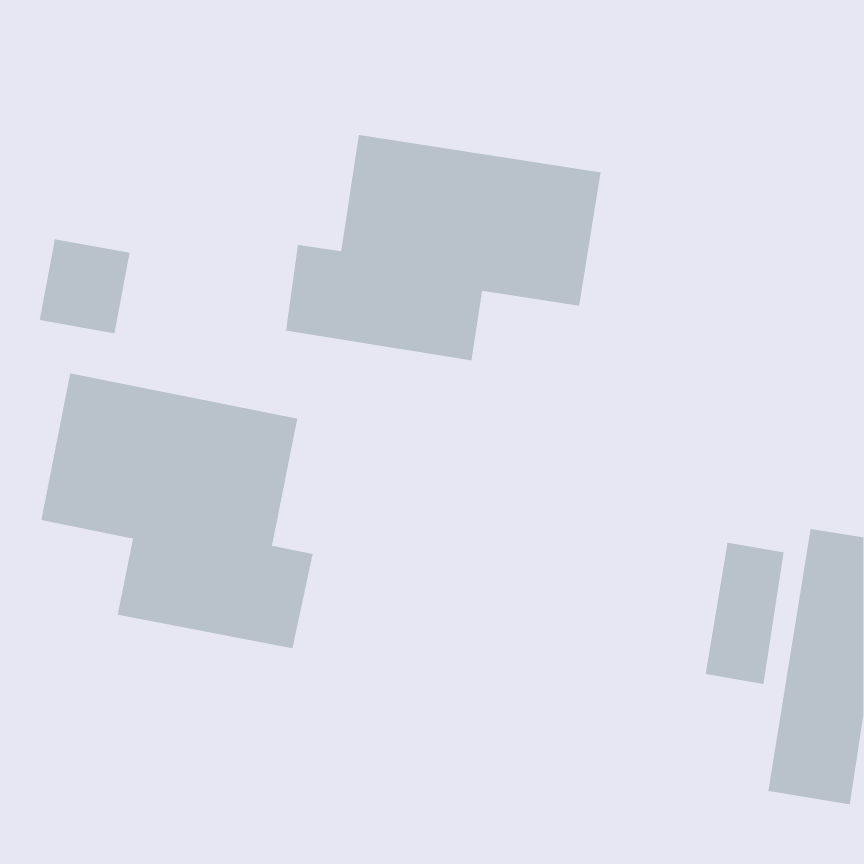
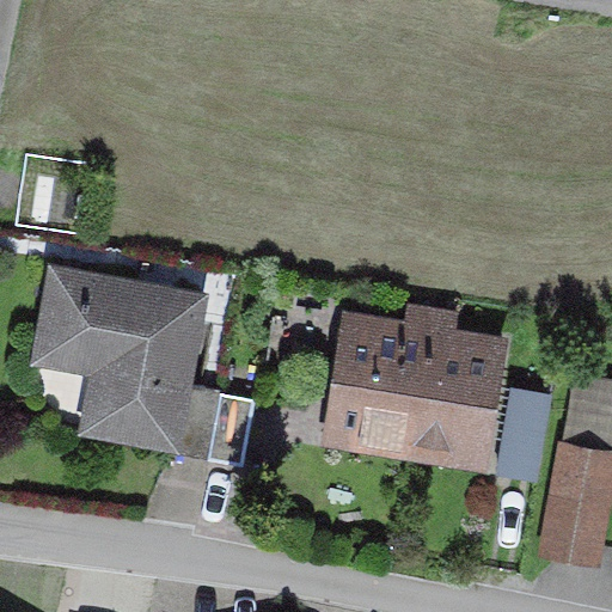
building: [286,134,601,361] -> none
building: none -> [325,310,502,469]

